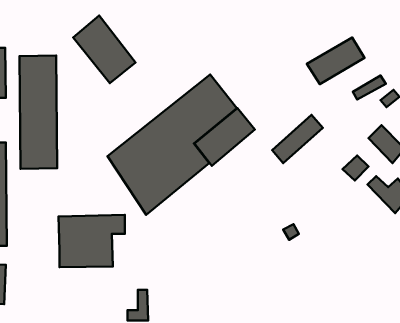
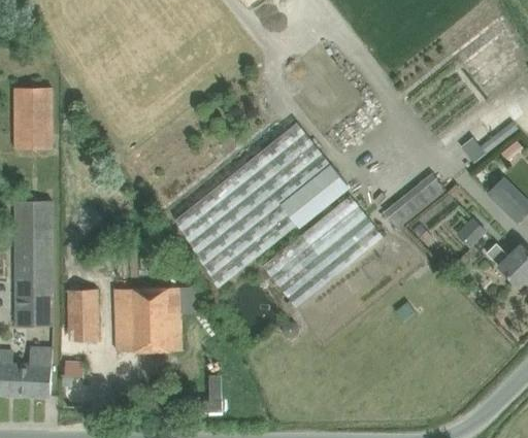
building: [73,16,135,83] -> none
building: [307,37,364,84] -> none
building: [20,55,57,169] -> none
building: none -> [263,197,384,308]
building: none -> [69,292,98,340]

